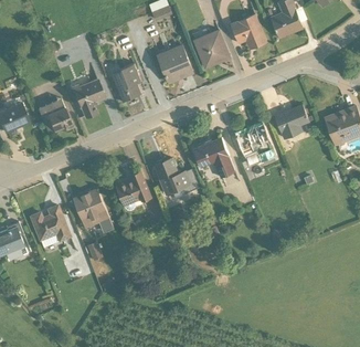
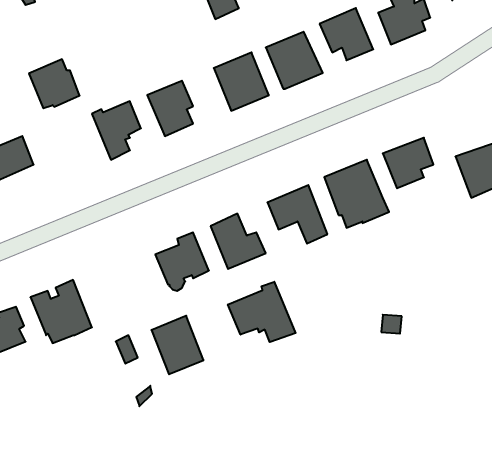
building: [35,97,71,132] -> [29,59,80,108]
building: [72,187,108,228] -> [151,316,204,374]
building: none -> [228,282,296,342]

